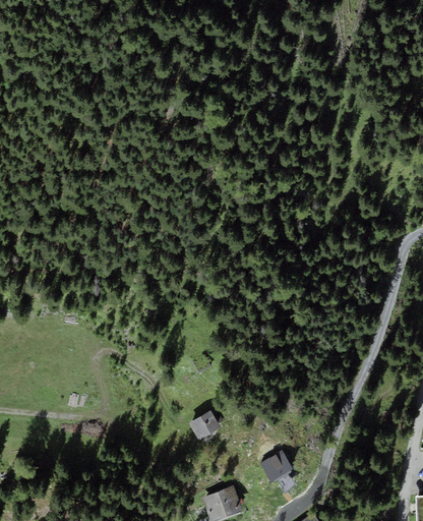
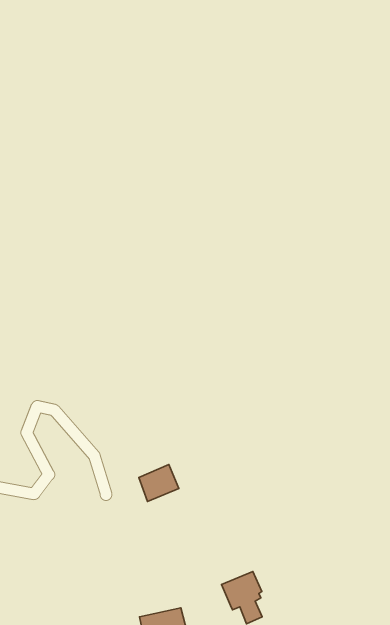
building: [189,411,221,442] -> [139,464,179,501]

